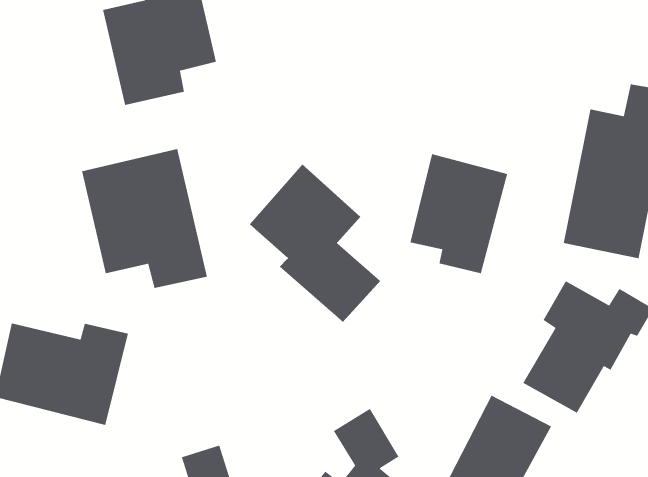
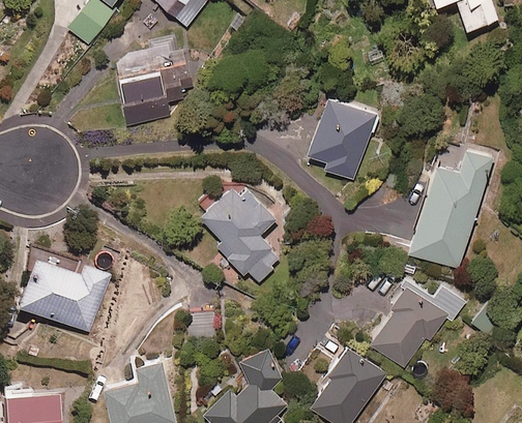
building: [81,148,208,289] -> none
building: [410,153,508,274] -> [307,96,378,181]

